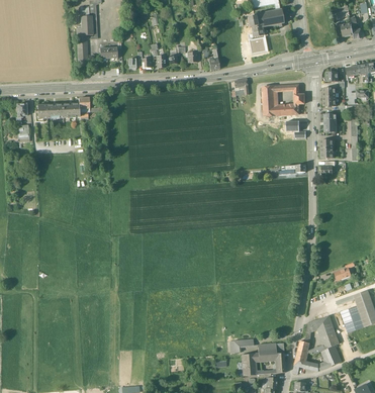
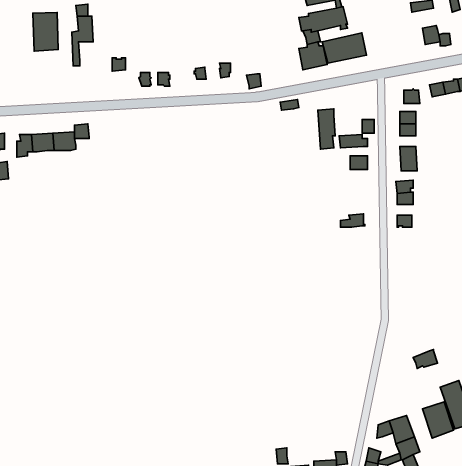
building: none -> [33,13,58,51]
building: none -> [322,33,367,63]

